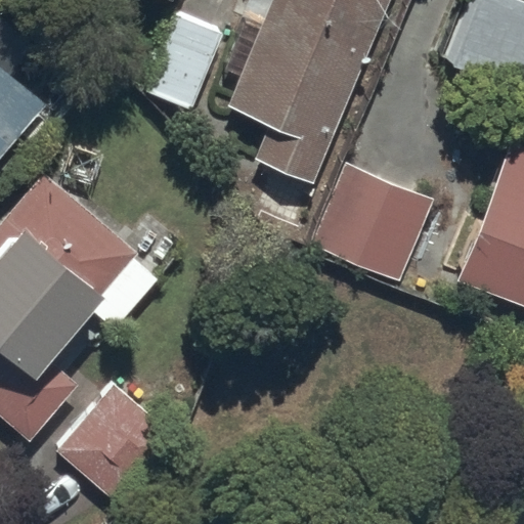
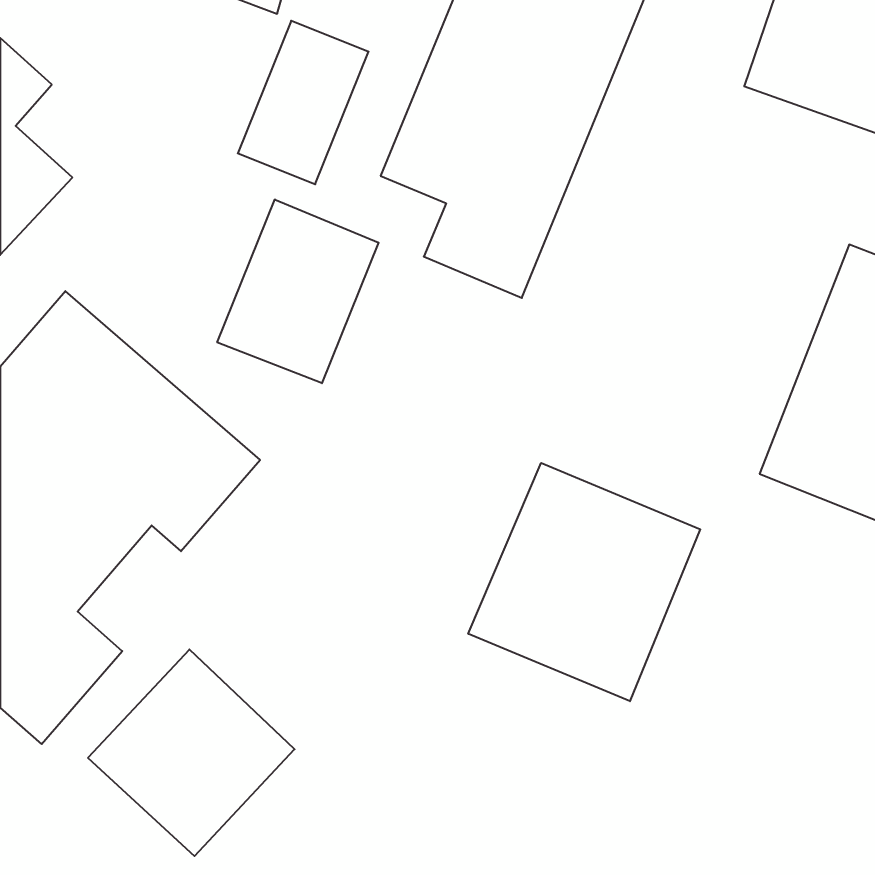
building: none -> [217,199,379,383]
building: [310,160,433,281] -> none
building: none -> [468,463,700,701]

